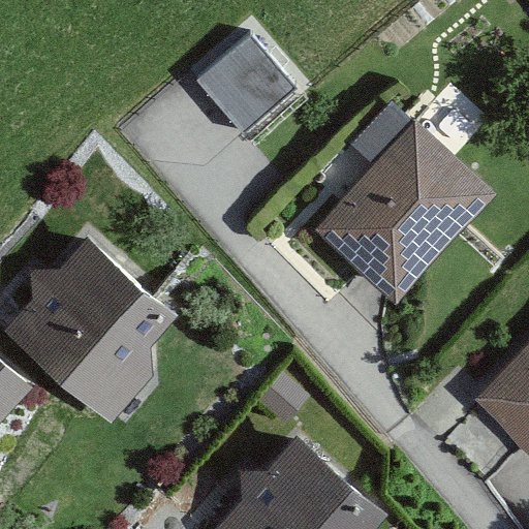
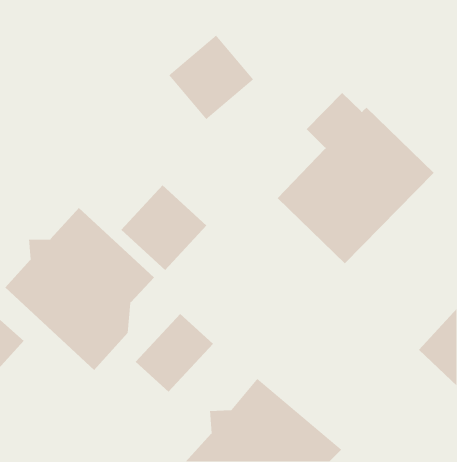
building: none -> [120,184,207,271]
building: none -> [135,313,214,393]

